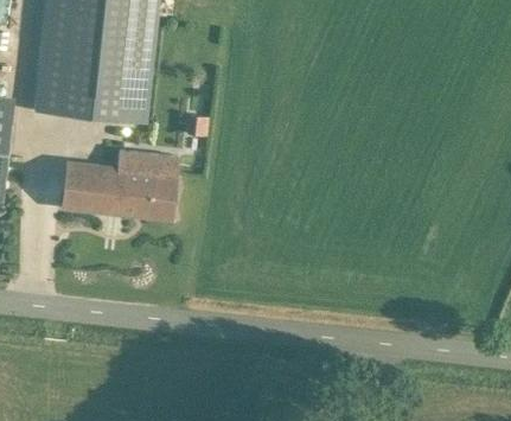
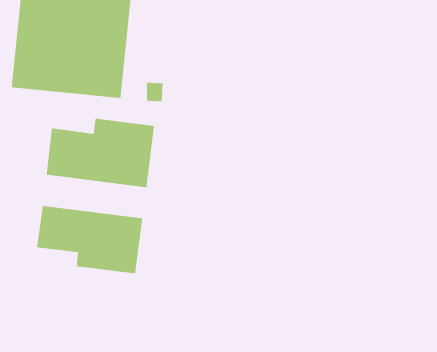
building: none -> [37,205,143,274]

